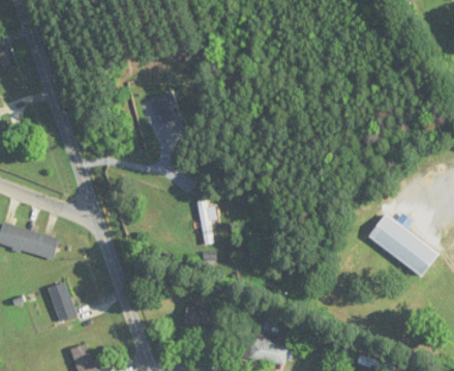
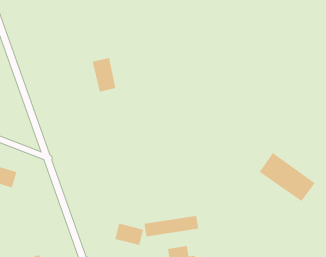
building: [196,200,216,246] -> none
building: [48,283,77,321] -> none
building: none -> [144,215,199,237]

